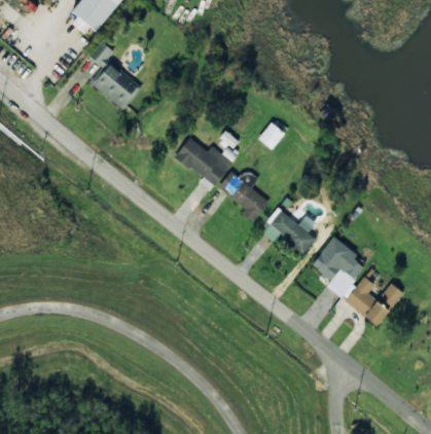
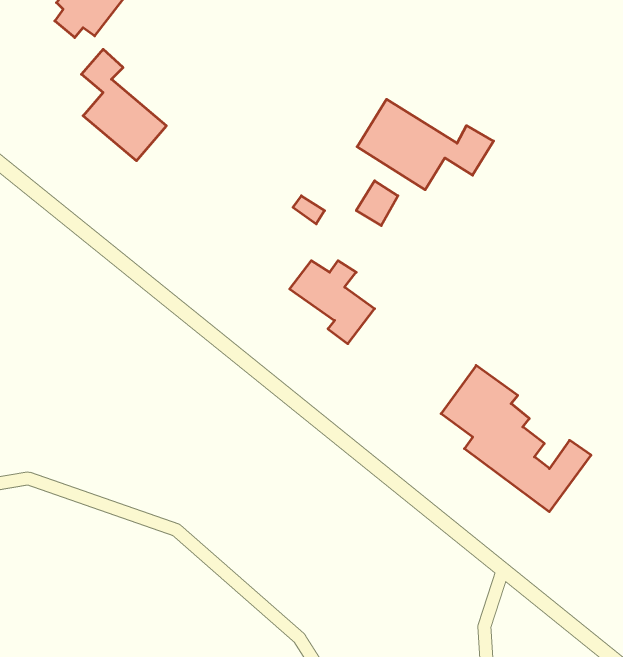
building: none -> [357,99,494,190]
building: [175,137,237,190] -> none
building: [259,207,316,255] -> none

